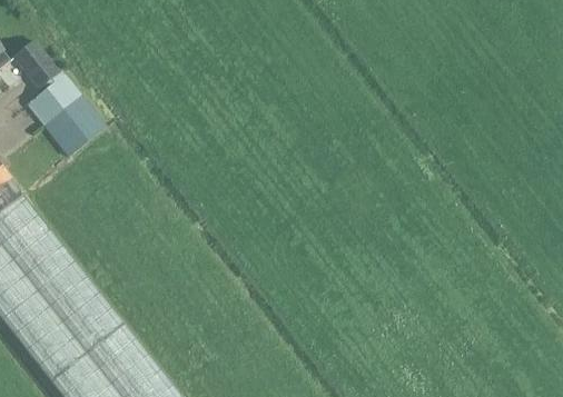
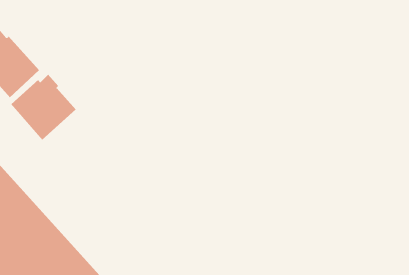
building: none -> [10,74,76,140]

